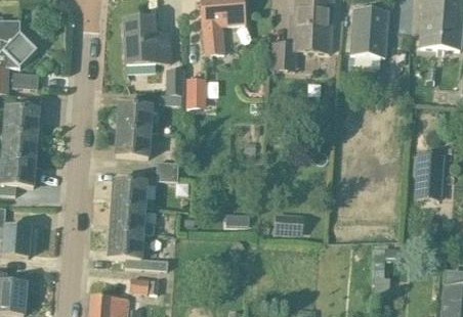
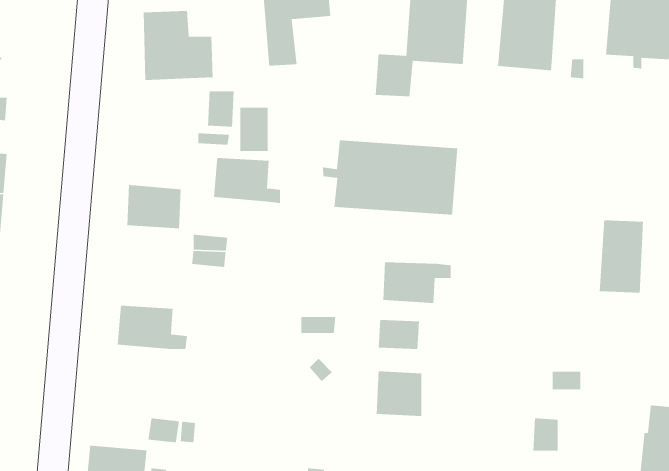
building: none -> [322,140,458,216]
building: [116,102,159,132] -> [213,157,281,204]
building: none -> [382,261,451,304]
building: [111,178,146,207] -> none
building: [107,230,167,269] -> none
building: none -> [376,370,422,417]

